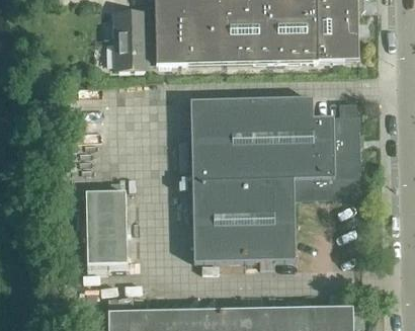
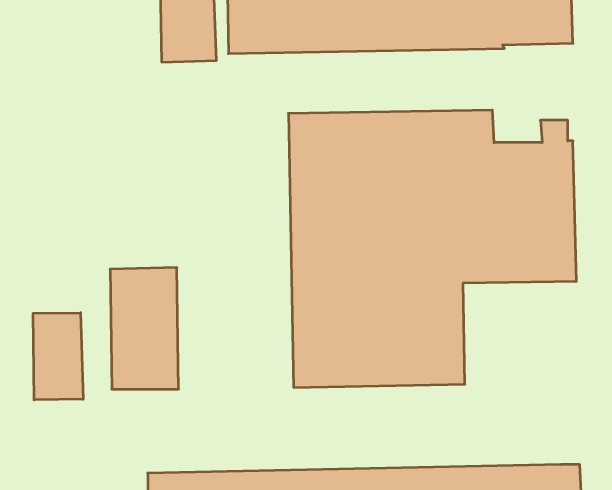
building: none -> [33,313,83,400]

